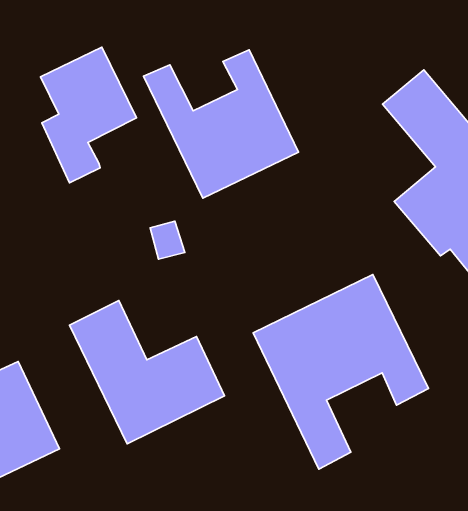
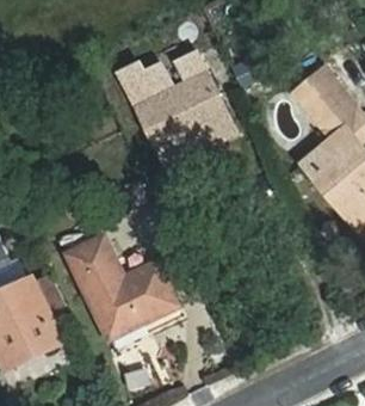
building: [40,47,137,183] -> none
building: [253,274,428,469] -> none

